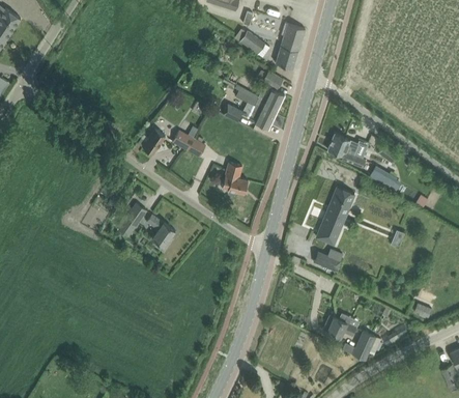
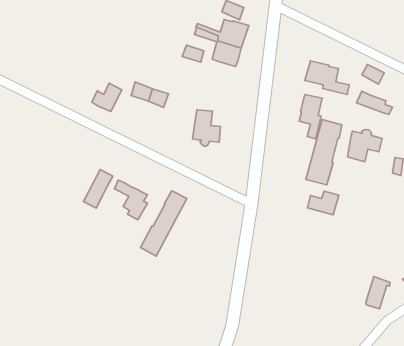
building: none -> [299,95,322,139]
building: none -> [347,130,382,162]
building: none -> [141,191,187,256]
building: [323,313,356,336] -> none

